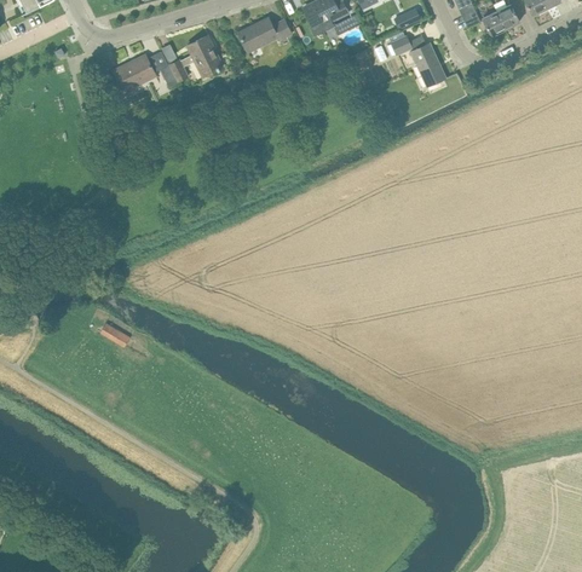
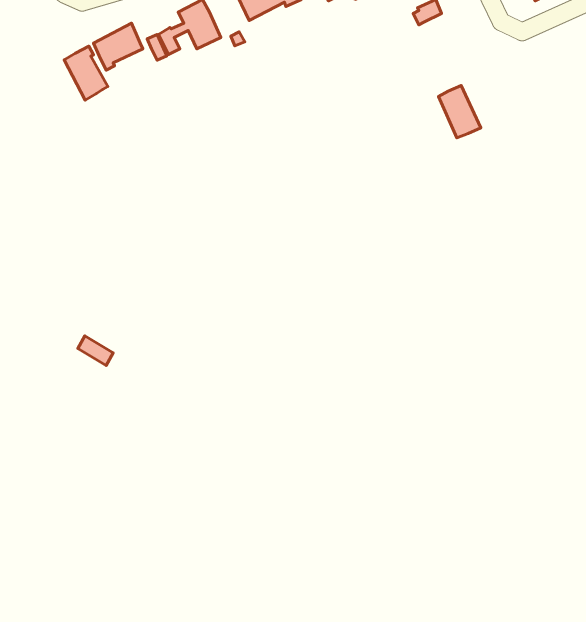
building: [410,41,446,86] -> [438,85,481,138]
building: none -> [64,46,108,100]

